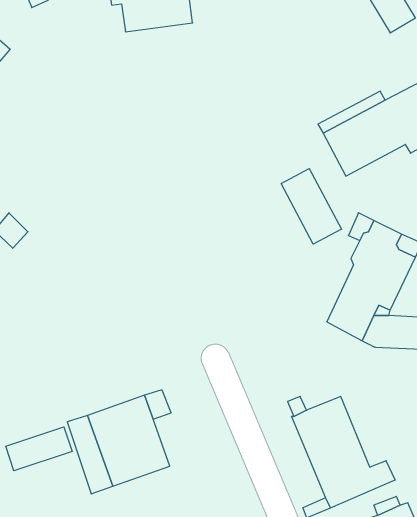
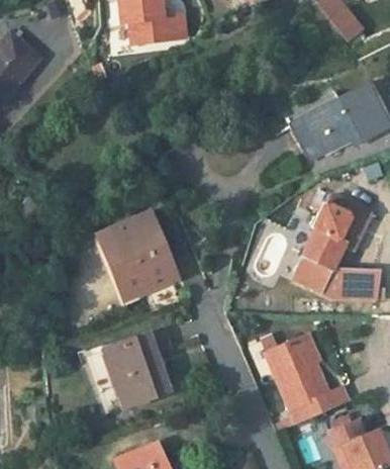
building: [281,169,341,244] -> none
building: none -> [99,218,176,299]
building: [6,427,72,471] -> none

